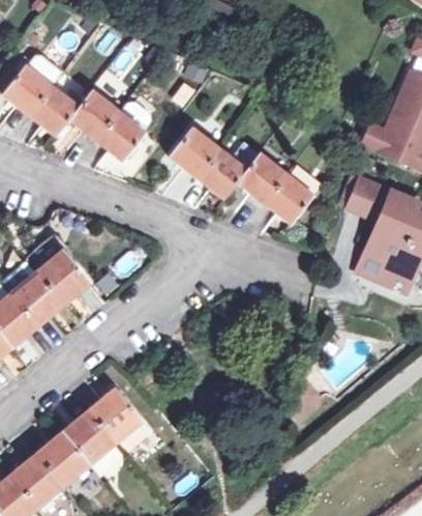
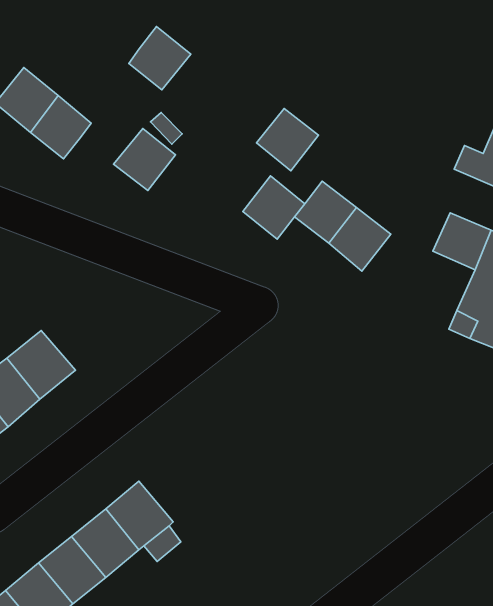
building: [69,90,118,140] -> [129,26,191,90]
building: [170,128,218,177] -> [256,109,318,171]
building: [38,250,89,302] -> none

